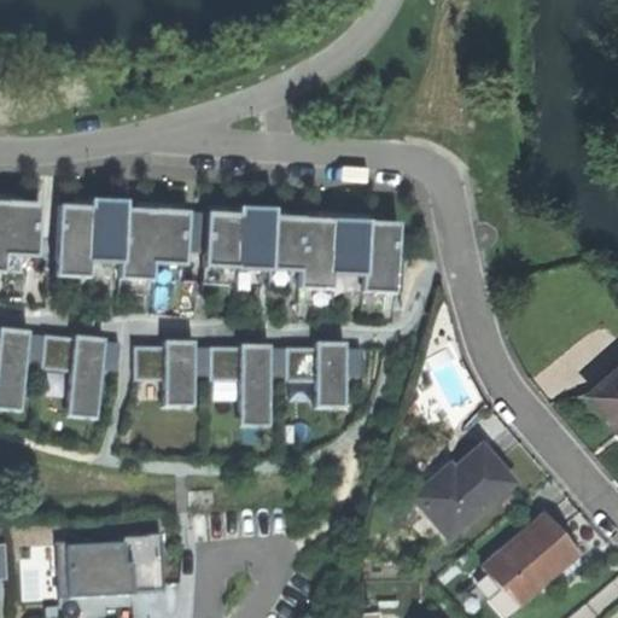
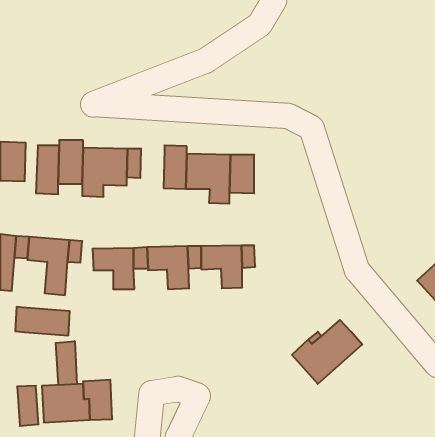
building: [202,210,235,266] -> none
building: [361,218,396,291] -> none
building: none -> [15,307,70,336]
building: none -> [56,341,77,385]
building: [486,519,579,607] -> none

